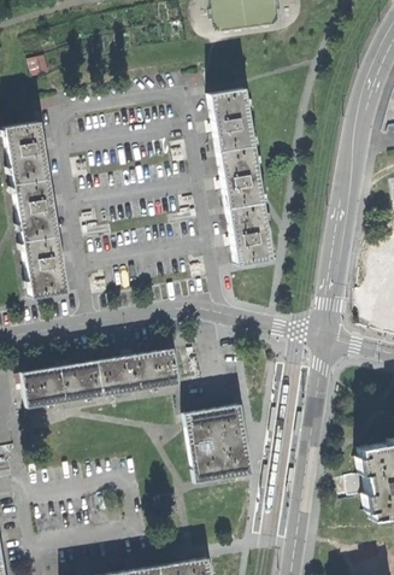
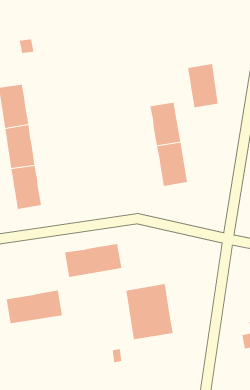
building: [208,89,253,152] -> [187,64,219,108]
building: [23,358,104,406] -> [6,290,63,324]

